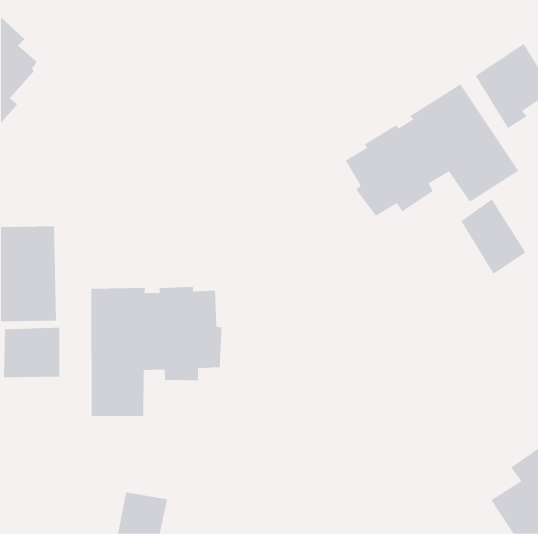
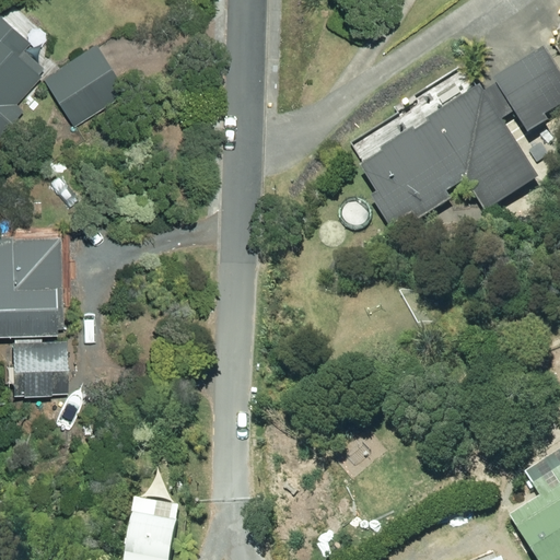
building: none -> [39,40,124,122]
building: [461,198,526,275] -> none
building: [91,286,222,417] -> none

